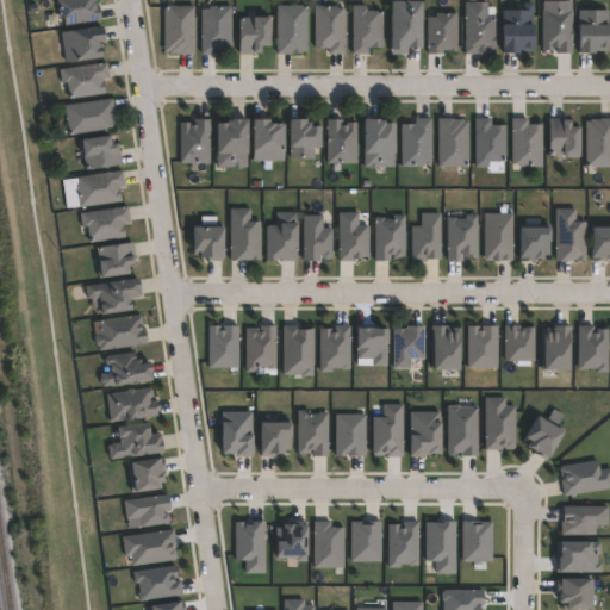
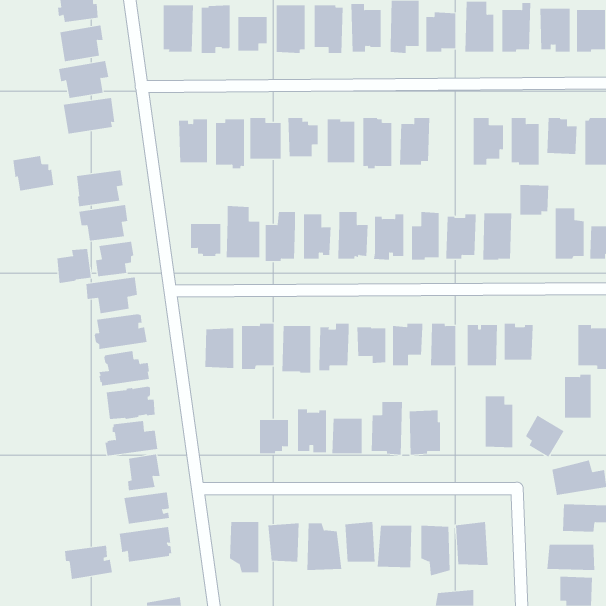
building: [438,118,468,167] -> none
building: [80,135,122,170] -> [12,155,54,191]
building: [521,226,550,257] -> [519,184,549,215]
building: none -> [57,248,92,284]
building: [543,324,571,368] -> [564,374,591,418]
building: [449,406,479,455] -> none
building: [216,415,250,460] -> none
building: [135,564,183,598] -> [64,545,113,579]

